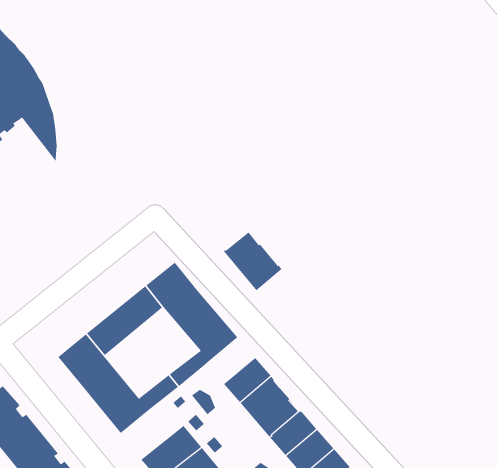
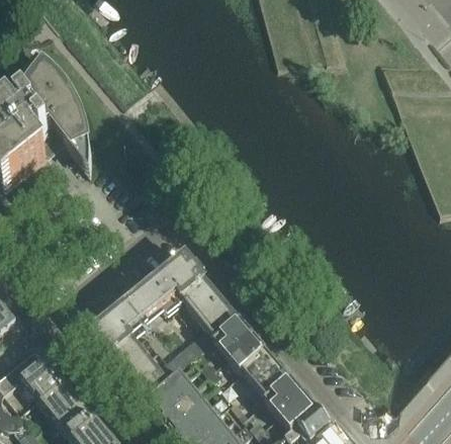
building: [223,231,283,291] -> none
building: none -> [211,316,252,354]
building: none -> [144,369,193,416]

